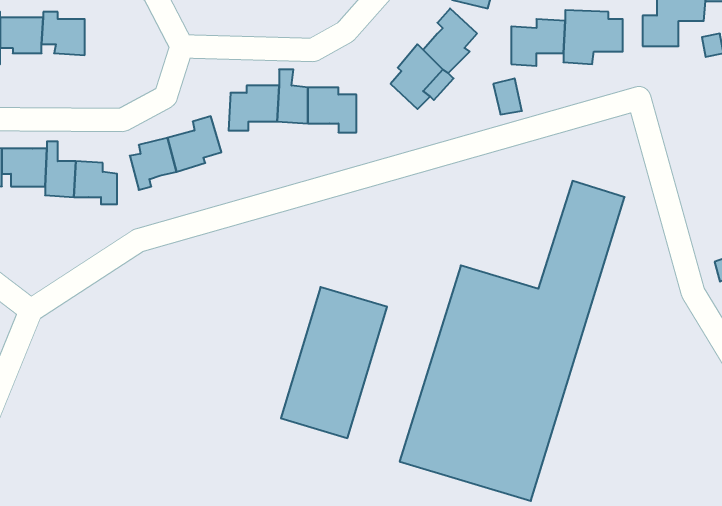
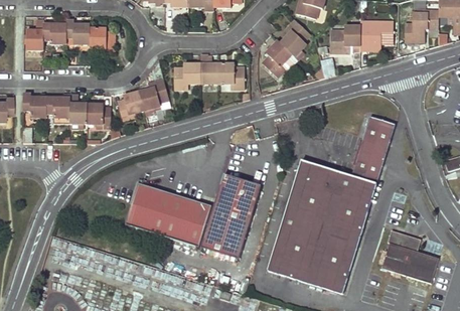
building: none -> [92,28,116,51]
building: none -> [125,183,211,248]
building: none -> [380,230,437,284]

